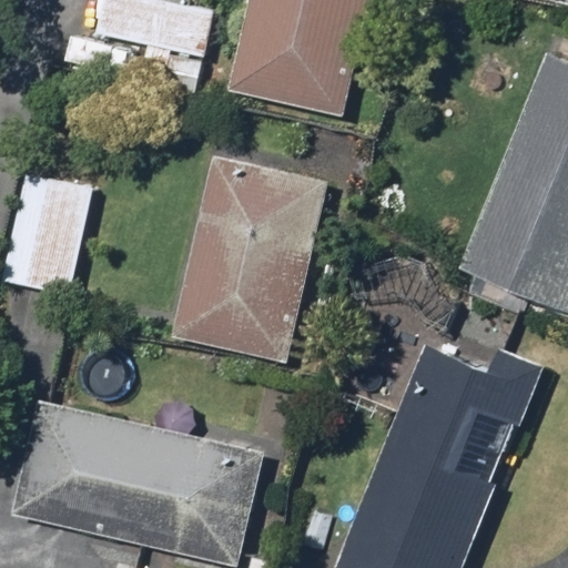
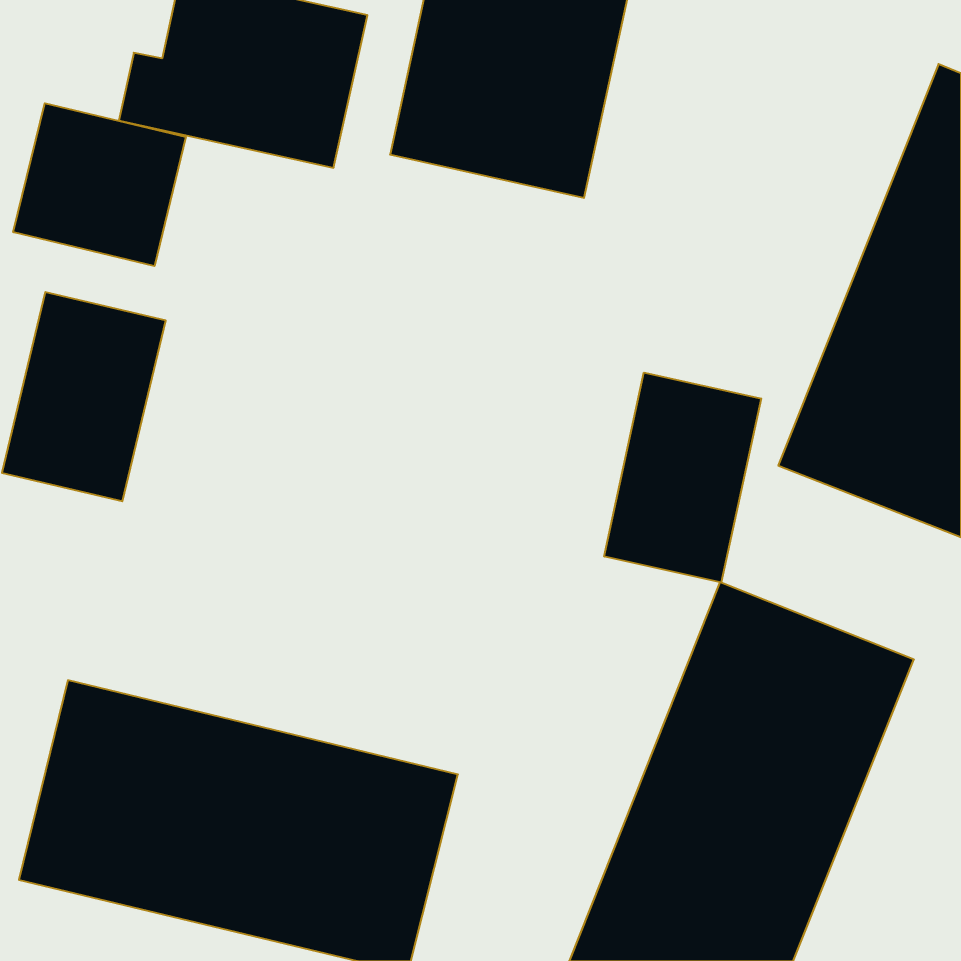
building: none -> [13,103,186,266]
building: [169,153,332,359] -> none
building: none -> [604,373,761,583]

